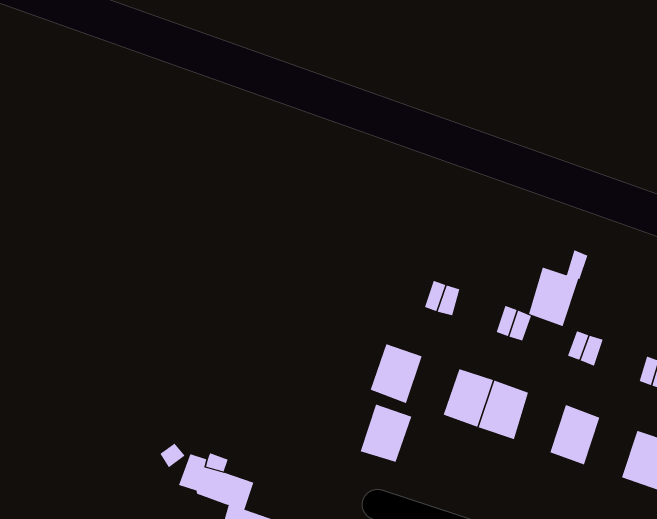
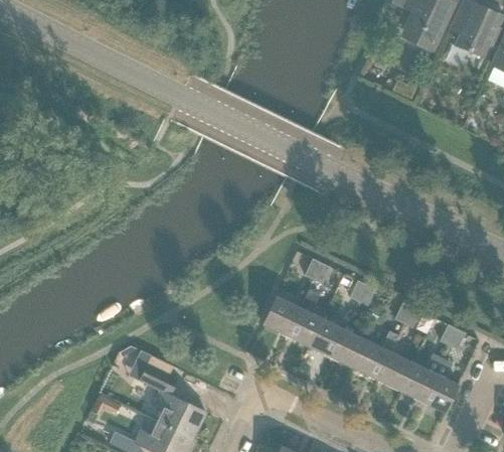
building: [528,249,588,327] -> [354,330,398,381]
building: [360,404,412,462] -> [286,307,323,347]
building: none -> [398,361,436,403]

